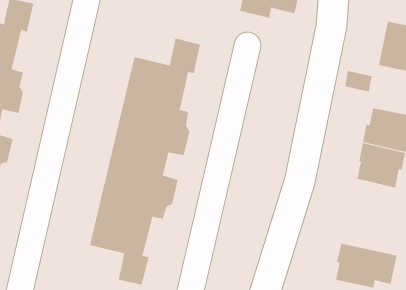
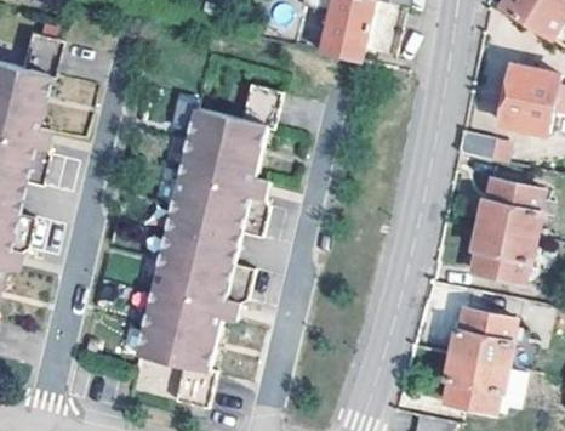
building: none -> [453,307,518,365]

